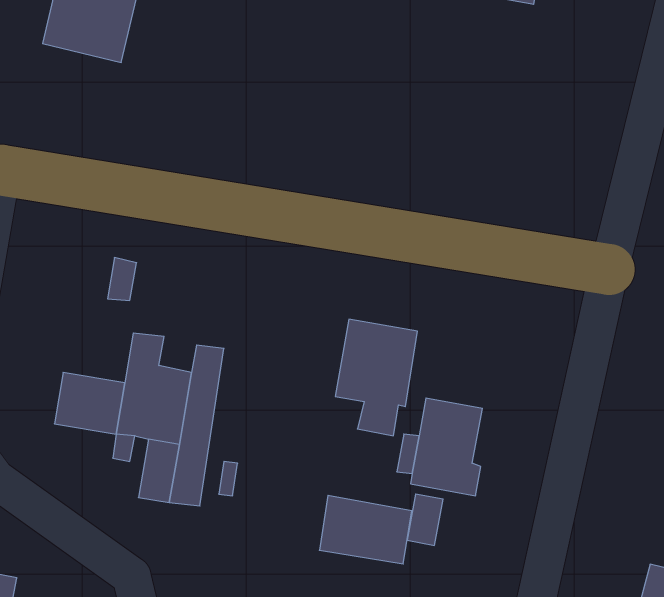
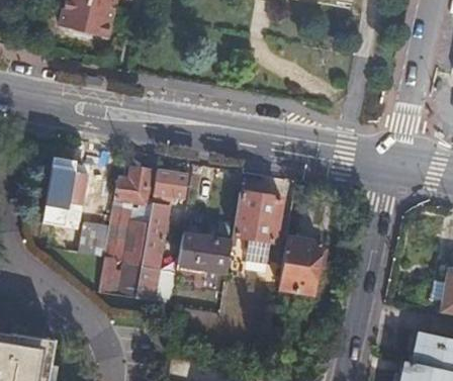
building: none -> [41,151,78,226]
building: none -> [114,167,151,201]
building: none -> [152,170,188,200]
building: [319,495,412,564] -> [178,230,233,271]

